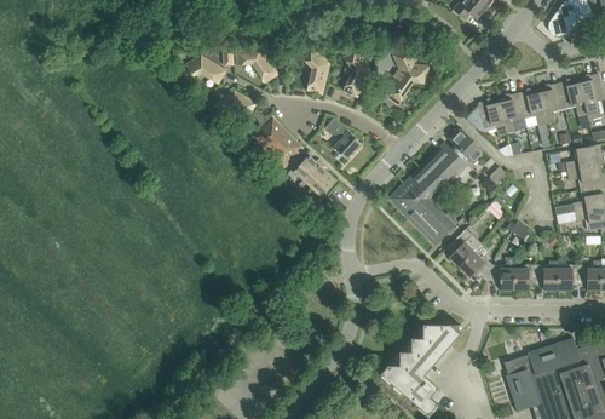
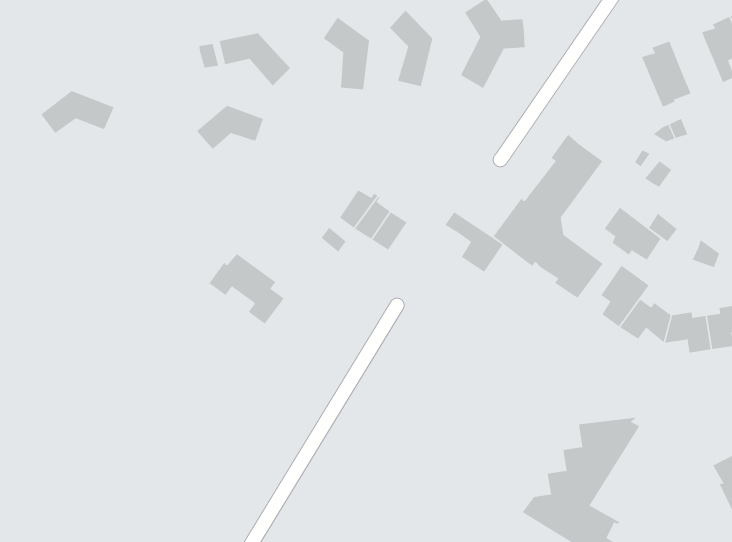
building: [179,54,226,82] -> [40,91,115,134]
building: [518,90,547,125] -> none
building: [467,99,507,134] -> none
building: [325,117,361,159] -> [444,212,504,273]
building: [253,119,299,166] -> [208,254,284,325]
building: [448,126,483,162] -> [604,207,661,260]

